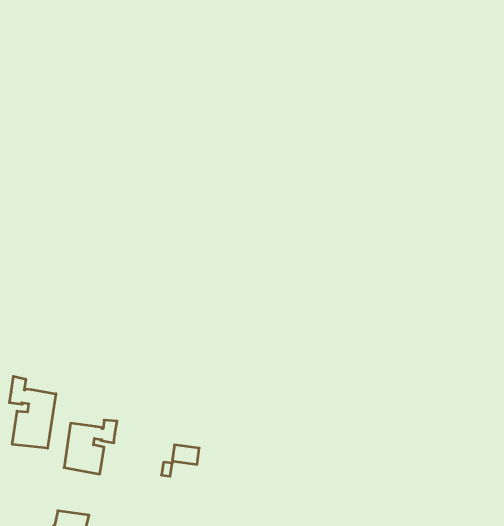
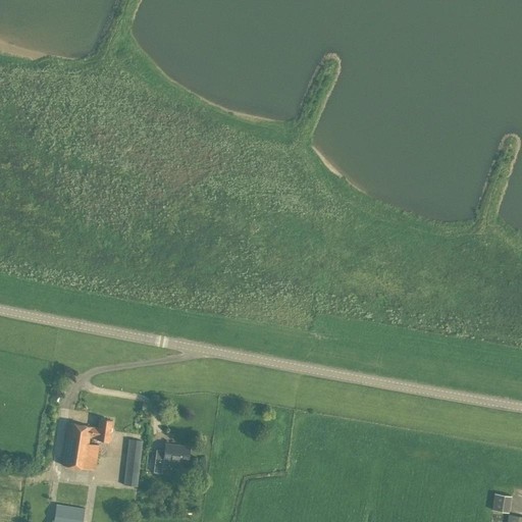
building: [9,376,56,448] -> none
building: none -> [123,439,143,488]

